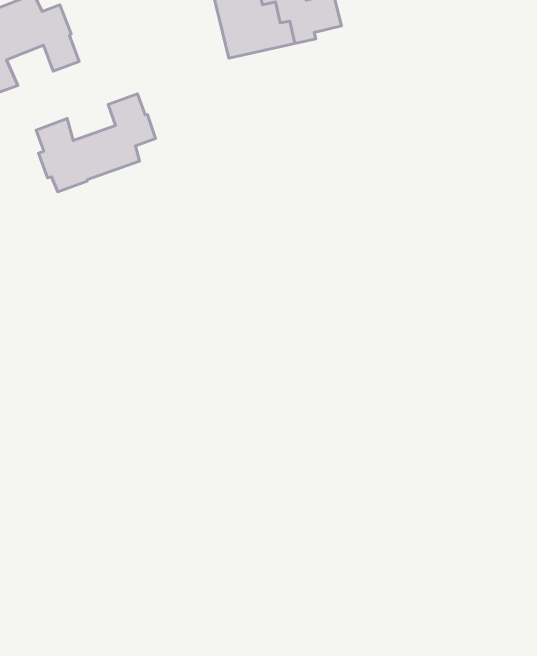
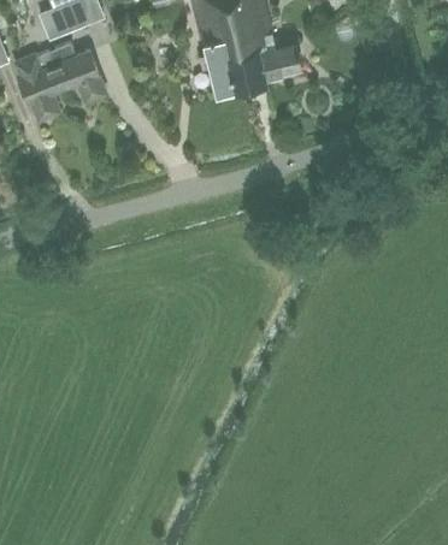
building: [36,94,156,192] -> none

